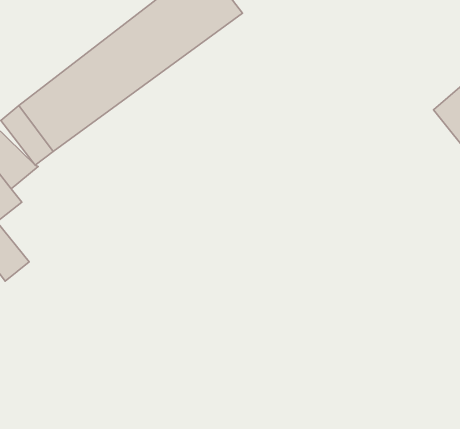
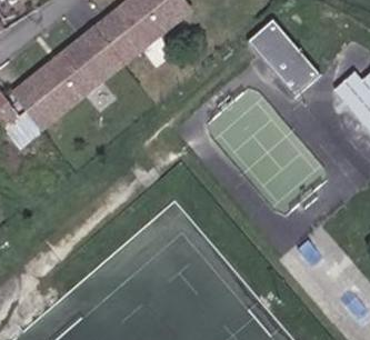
building: none -> [251,13,328,98]

